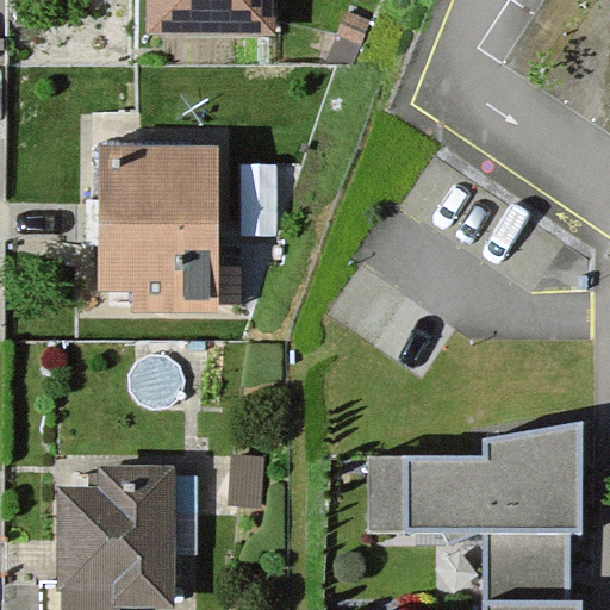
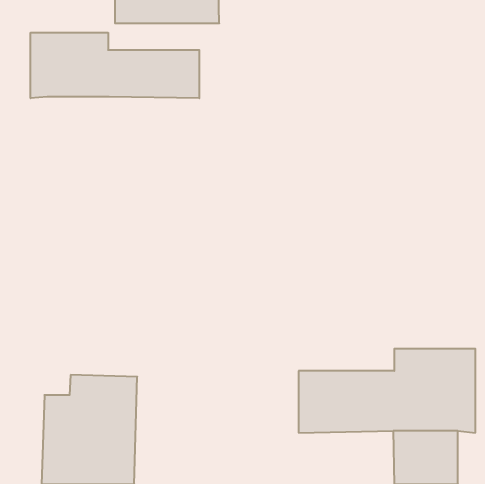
building: none -> [31,33,199,98]
building: [101,149,225,322] -> none

